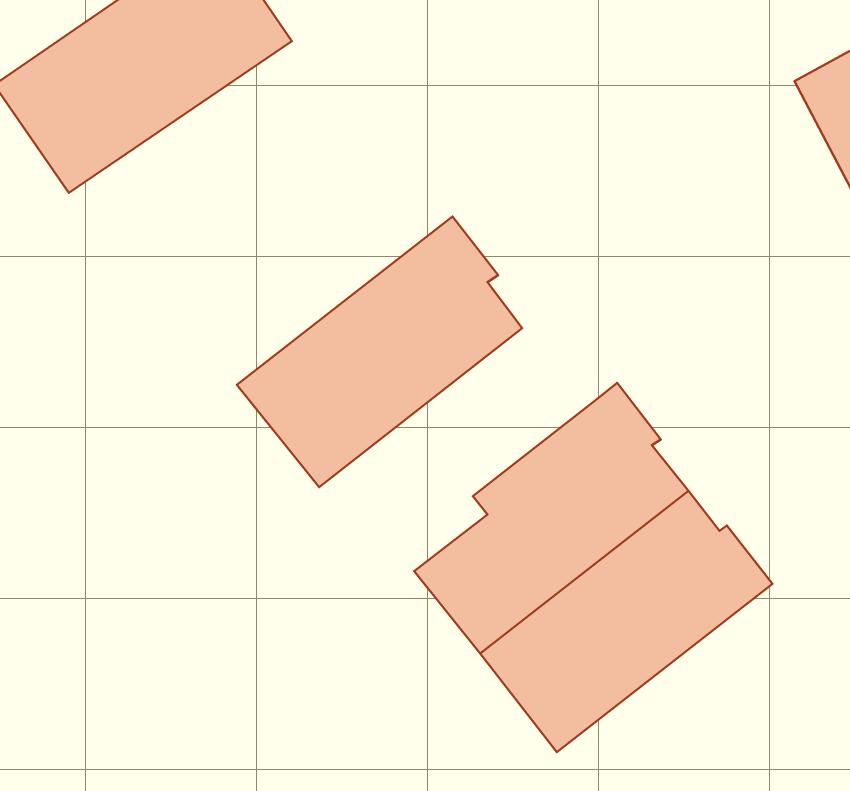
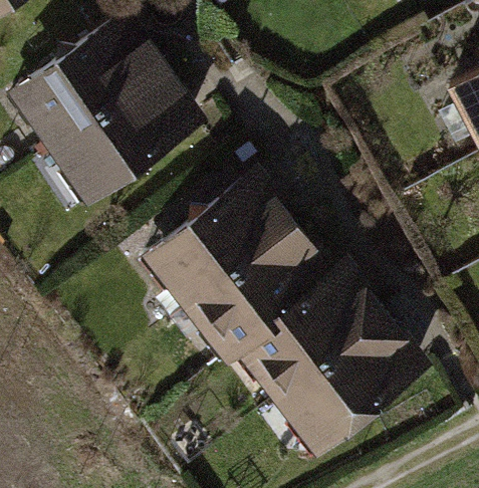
building: none -> [48,67,209,207]
building: none -> [186,225,338,368]

